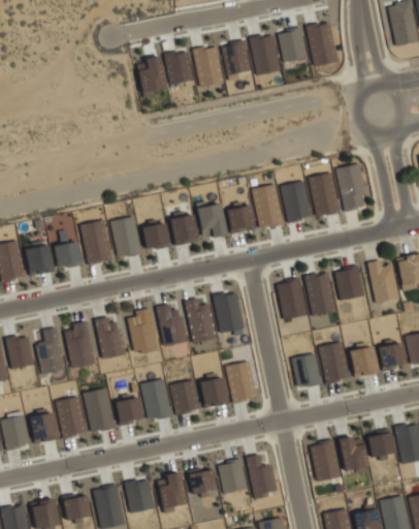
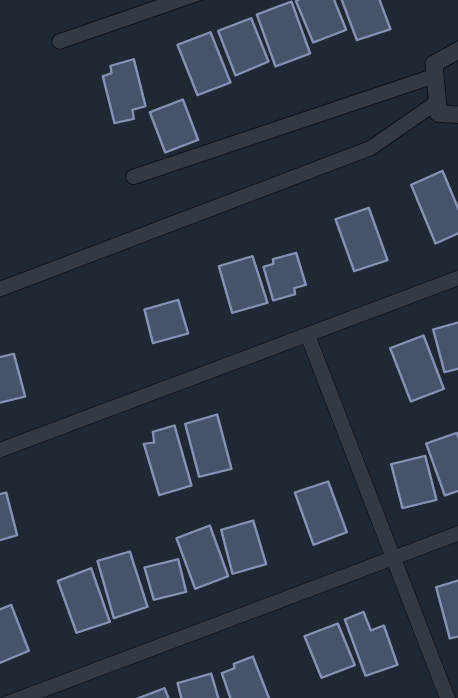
building: [165,51,195,85] -> [150,99,198,153]
building: [310,173,341,217] -> none
building: [255,185,283,227] -> none
building: [169,213,199,246] -> none
building: [111,216,142,258] -> none
building: [80,219,114,264] -> none
building: [55,229,82,269] -> none
building: [277,278,309,319] -> none
building: [214,291,245,333] -> none
building: [187,299,216,343] -> none
building: [95,315,124,360] -> none
building: [65,320,97,369] -> none
building: [38,328,65,374] -> none
building: [199,376,229,408] -> none
building: [32,412,58,442] -> none
building: [189,467,215,497] -> none

